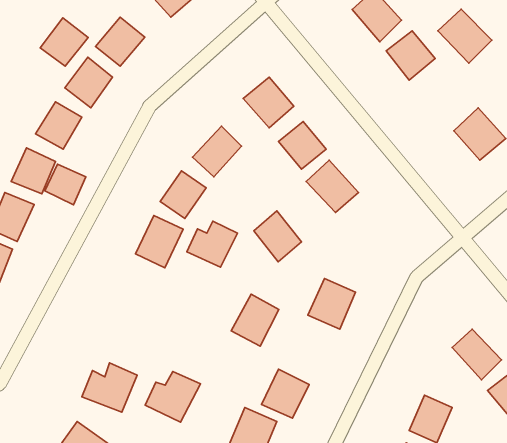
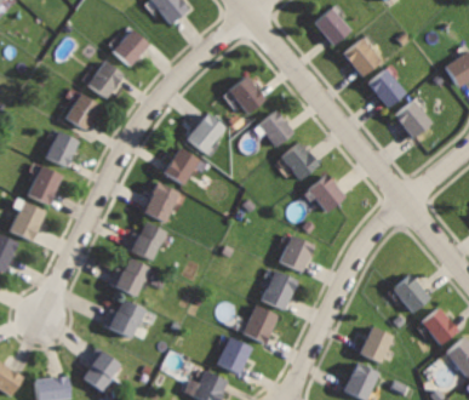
building: [438,9,492,63] -> [366,68,408,110]
building: [40,18,88,66] -> none
building: [45,164,86,205] -> none
building: [254,211,301,262] -> [305,175,343,215]
building: [187,221,237,267] -> [124,224,164,261]
building: [231,294,279,346] -> [261,272,298,313]
building: [145,371,200,422] -> [108,259,151,299]

